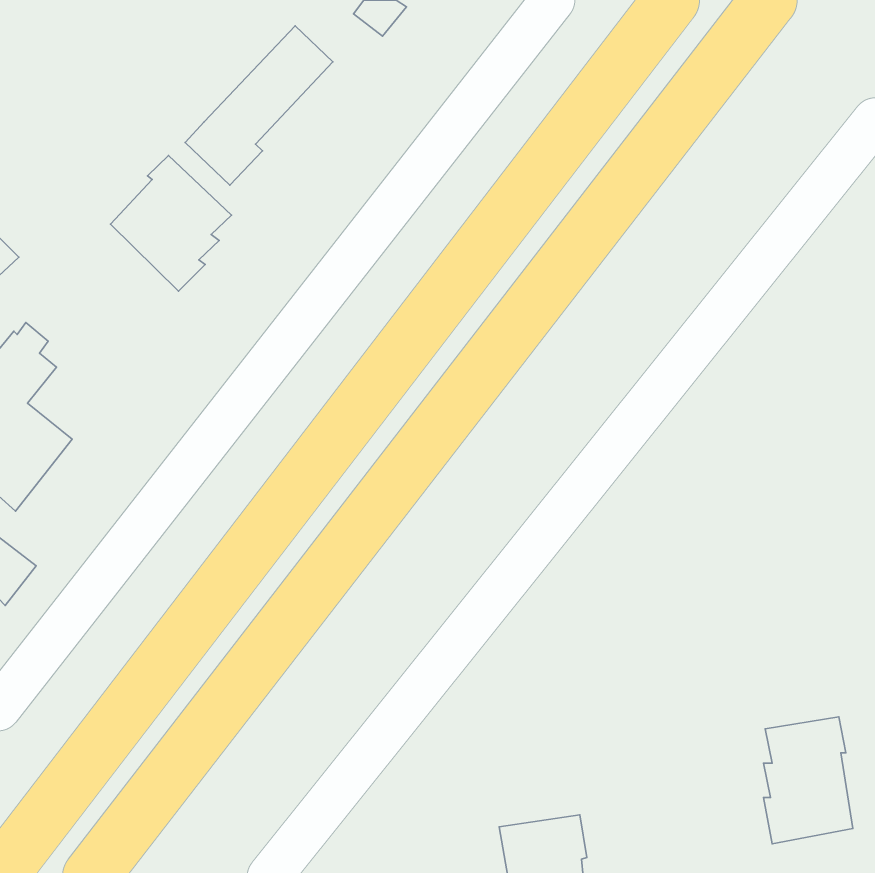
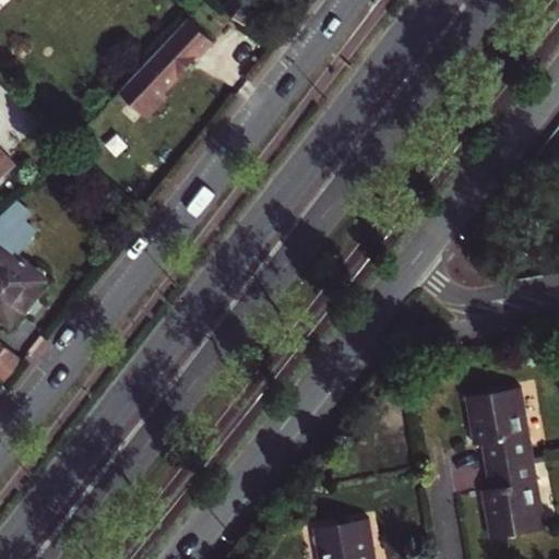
building: [110,156,232,291] -> none
building: none -> [467,388,534,466]

